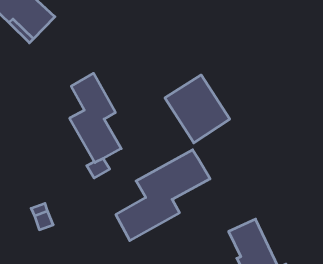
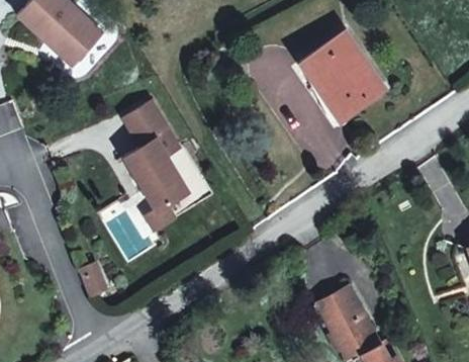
building: [165,75,230,143] -> [300,30,380,114]
building: [116,150,210,241] -> none

